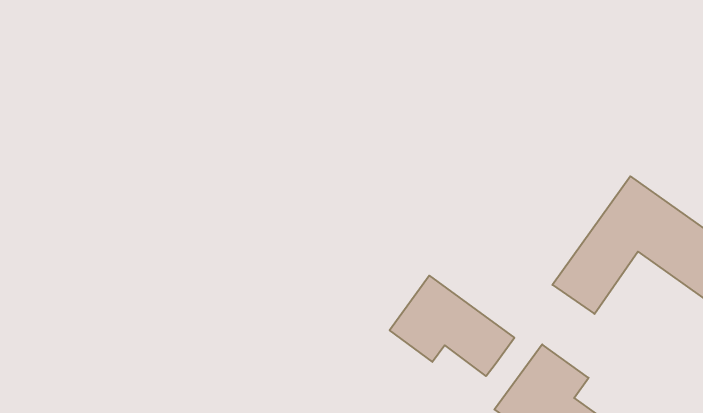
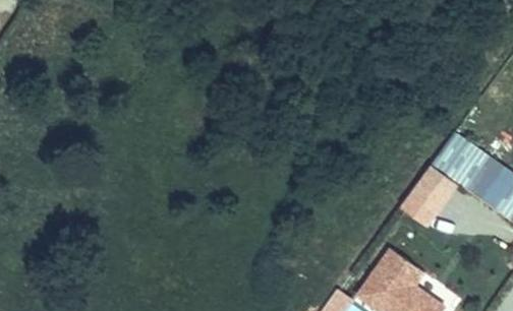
building: [390,276,514,376] -> none

